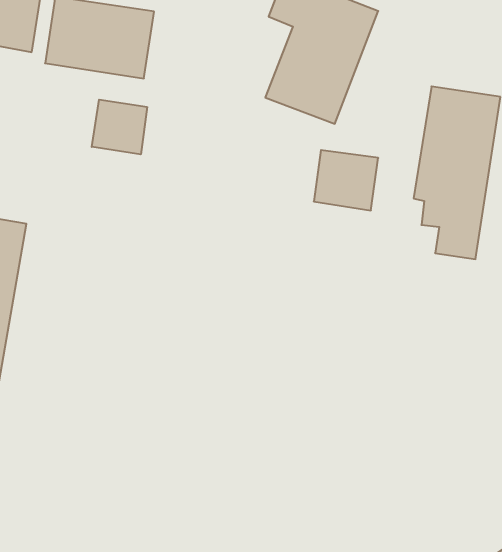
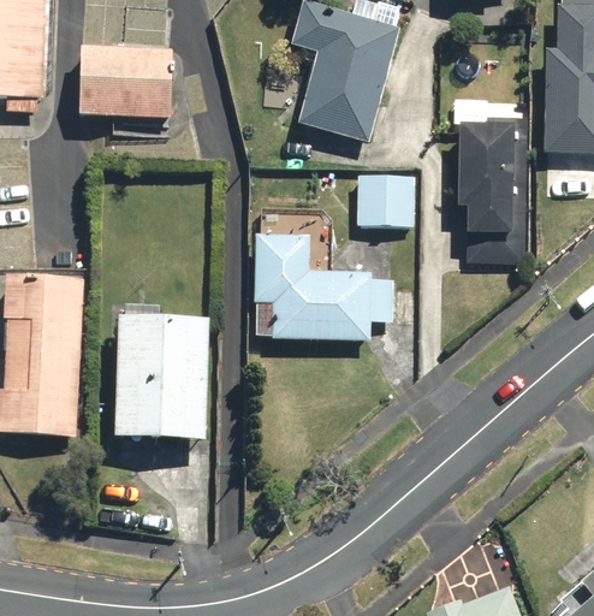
building: [92,100,147,154] -> none
building: none -> [253,233,396,339]
building: none -> [113,316,209,440]

